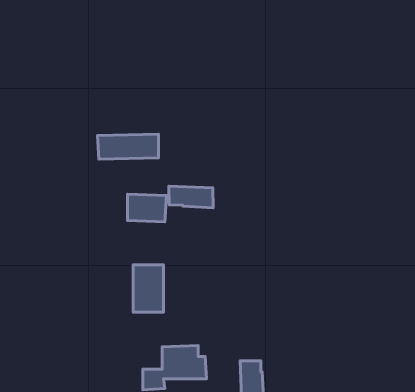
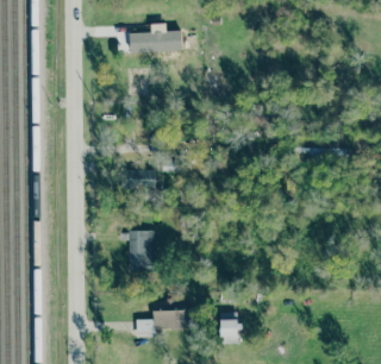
building: [97,134,159,159] -> [130,31,182,52]
building: [169,186,213,208] -> none

